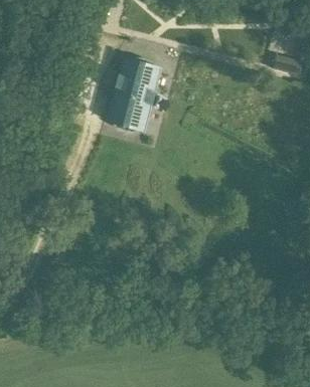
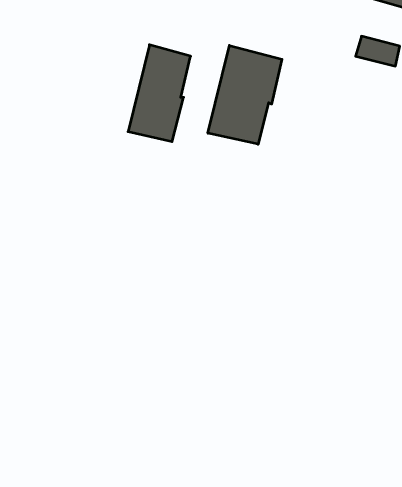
building: none -> [208,45,282,144]

